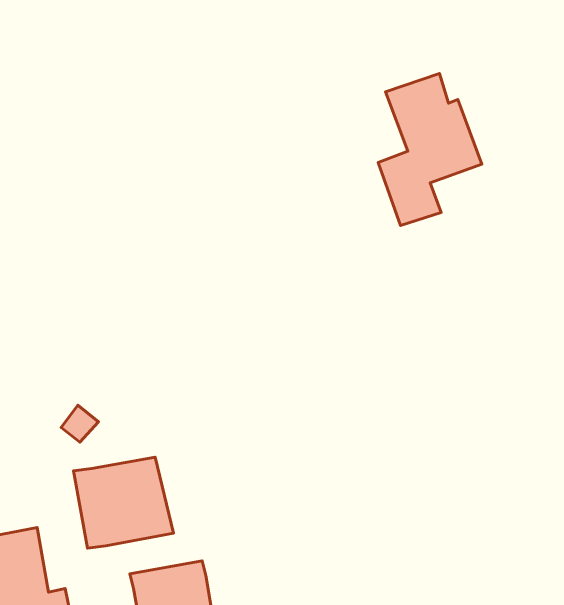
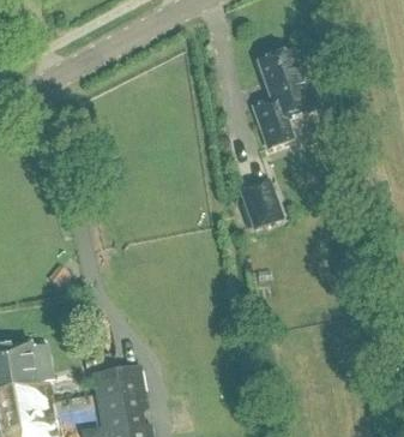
building: none -> [241,179,283,227]
building: [73,457,173,548] -> none

